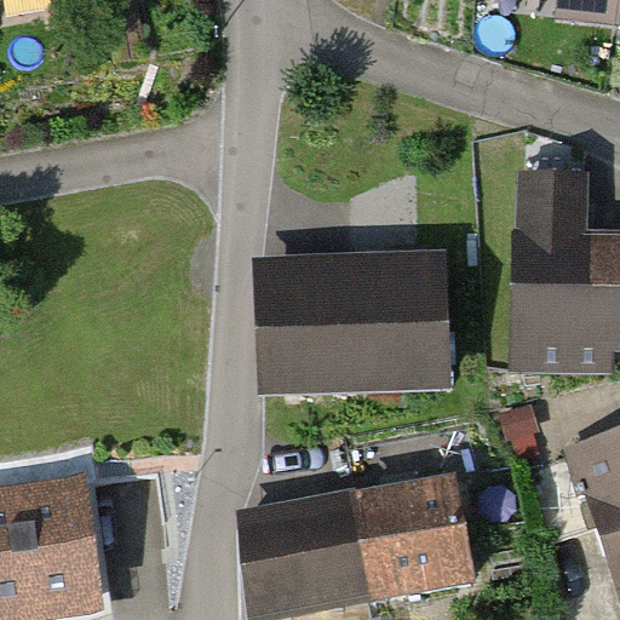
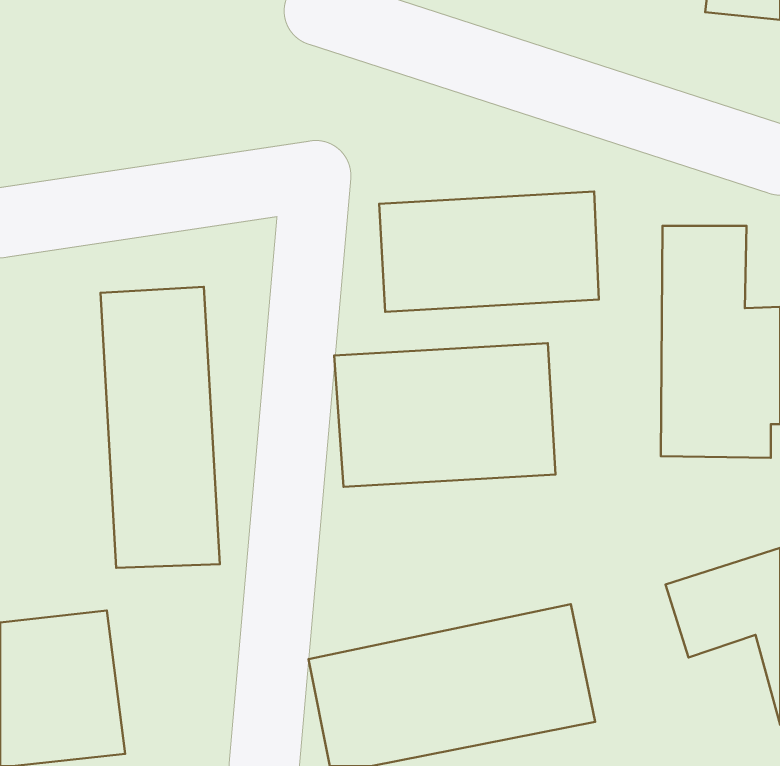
building: none -> [379,191,599,312]
building: none -> [100,287,220,568]

